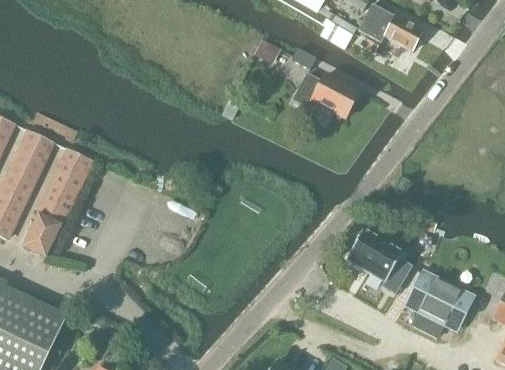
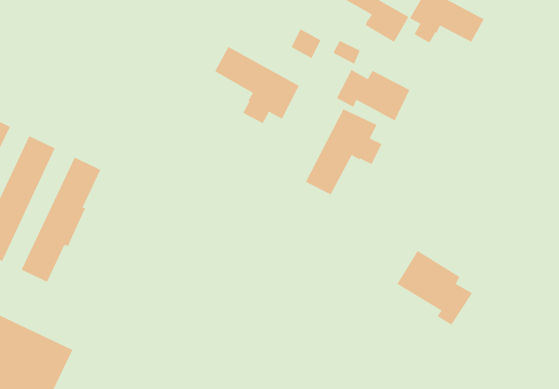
building: none -> [214,46,300,124]
building: none -> [305,108,382,195]
building: [406,269,474,335] -> none

